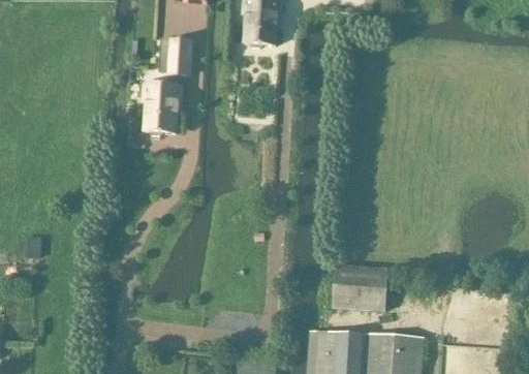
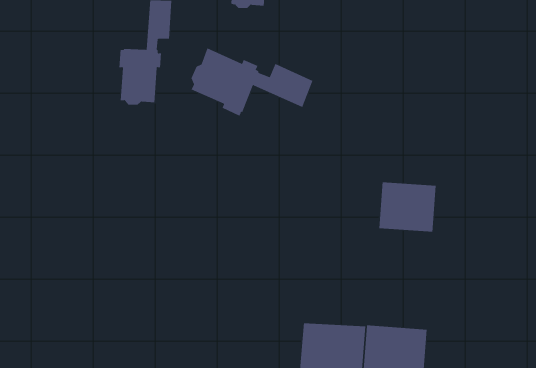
building: none -> [191,47,313,116]
building: [334,263,386,309] -> [378,182,436,232]

